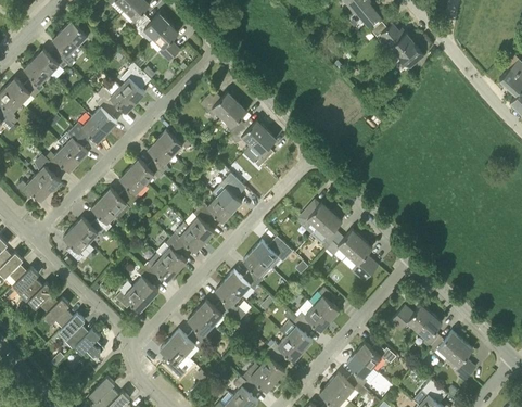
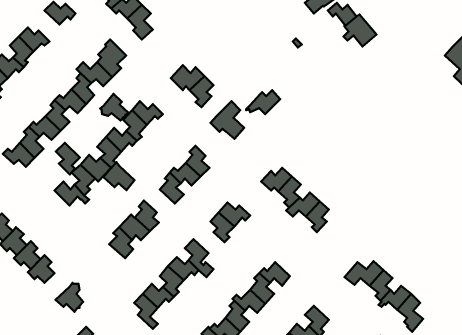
building: [52,31,78,67] -> none
building: [229,120,266,147] -> [246,90,280,114]
building: none -> [100,94,129,121]
building: [170,222,204,253] -> [104,162,134,190]
building: [63,228,89,263] -> [56,143,80,174]
building: [225,271,258,296] -> none
building: [115,287,150,313] -> none
building: [314,288,340,321] -> none
building: [59,314,89,348] -> none
building: [356,343,396,369] -> none

